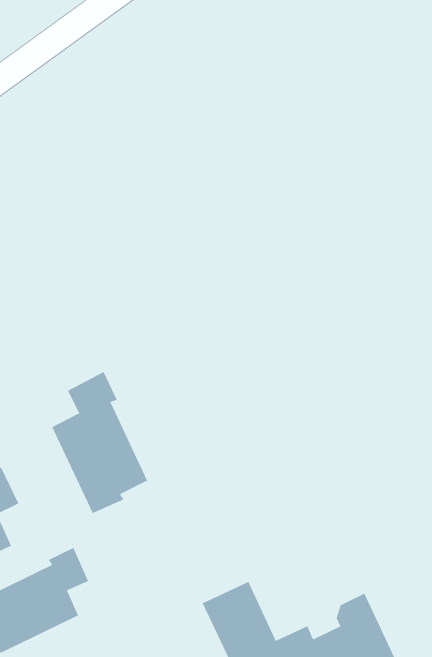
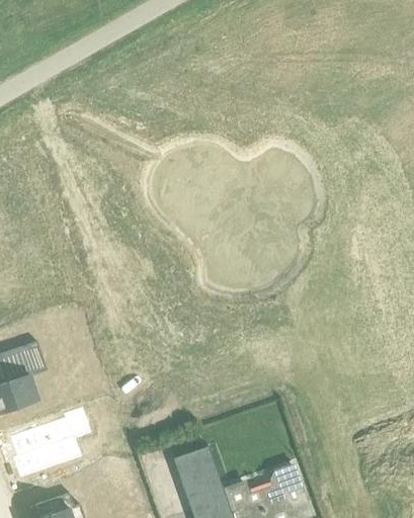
building: [52,371,148,514] -> none

